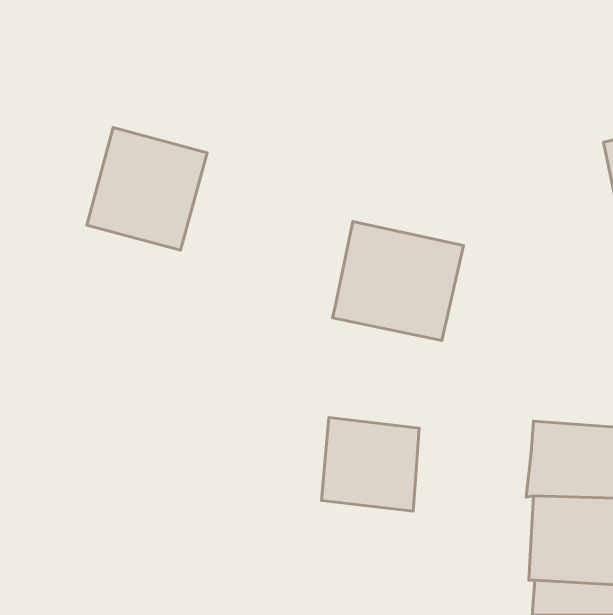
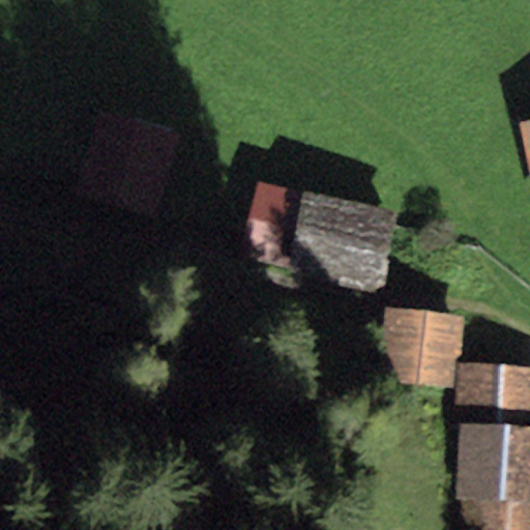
building: none -> [242,180,305,265]
building: [322,417,419,511] -> [380,308,464,389]

